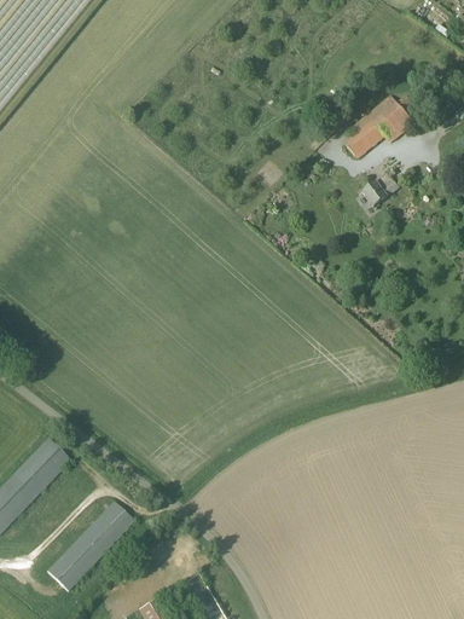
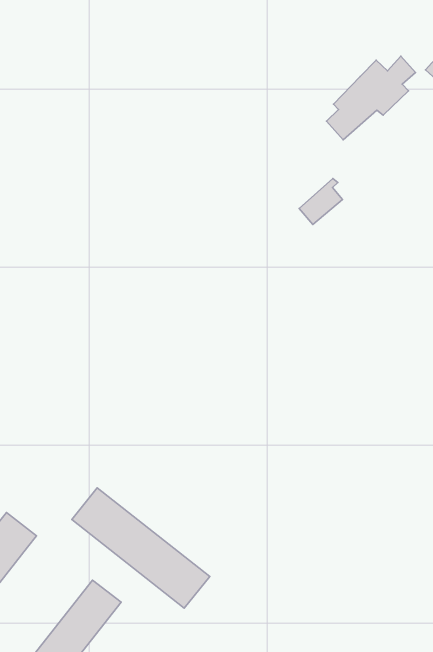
building: [361,169,398,206] -> [299,179,342,225]
building: none -> [72,488,210,608]

